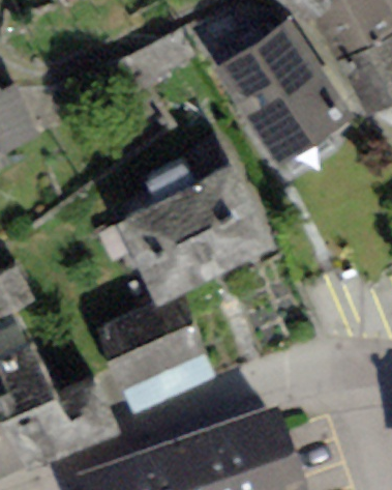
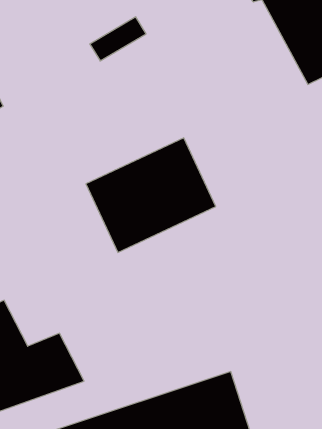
building: [218,23,341,153] -> none
building: [100,301,205,404] -> none

